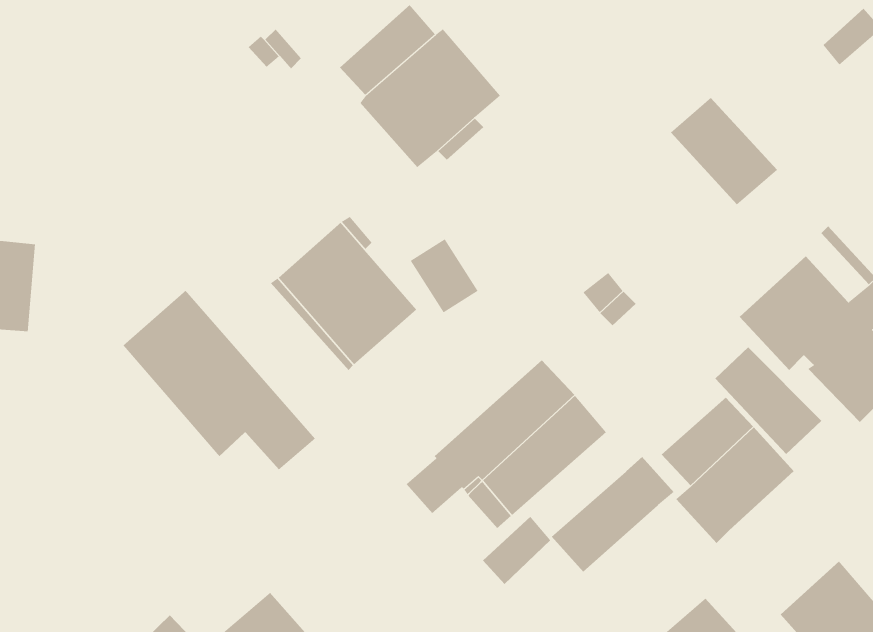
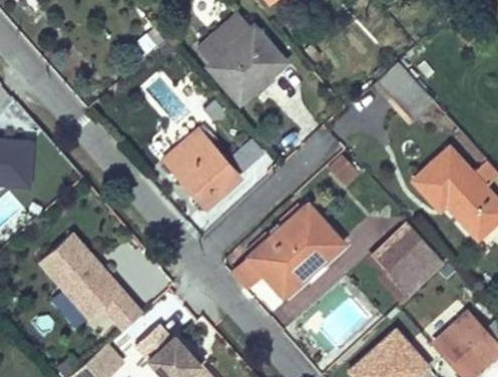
building: [123,290,316,470] -> [38,238,142,335]
building: [714,347,822,455] -> none
building: [551,456,675,573] -> none

